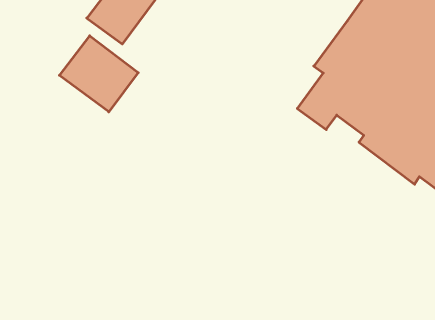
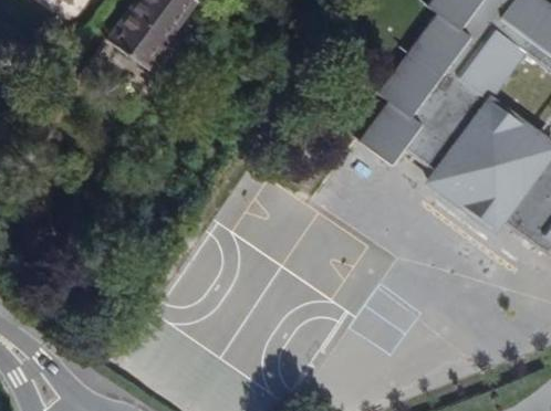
building: [59,36,138,112] -> none

